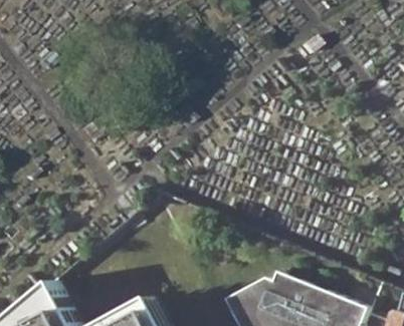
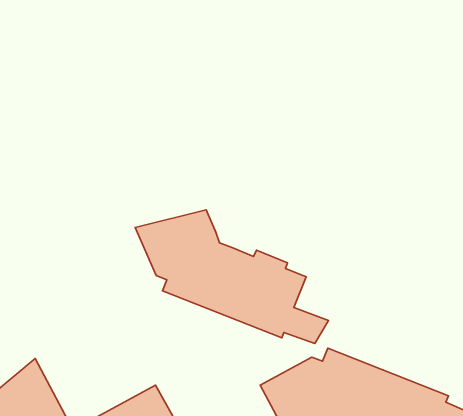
building: none -> [135,210,329,344]

